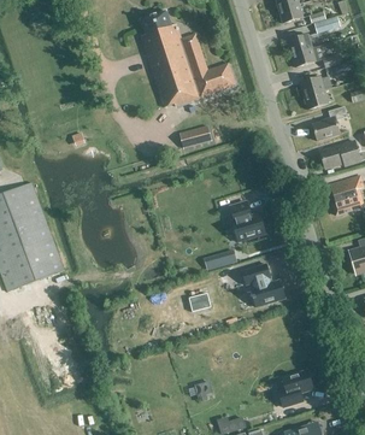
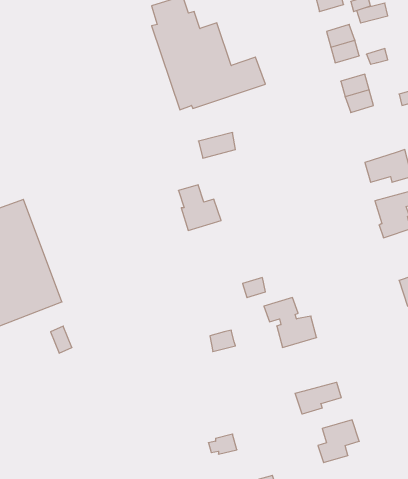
building: [312,106,347,140] -> none
building: [230,195,266,234] -> [178,185,221,230]
building: none -> [295,382,341,414]

